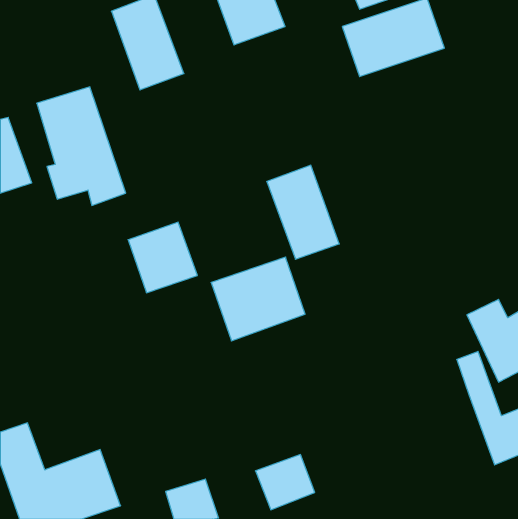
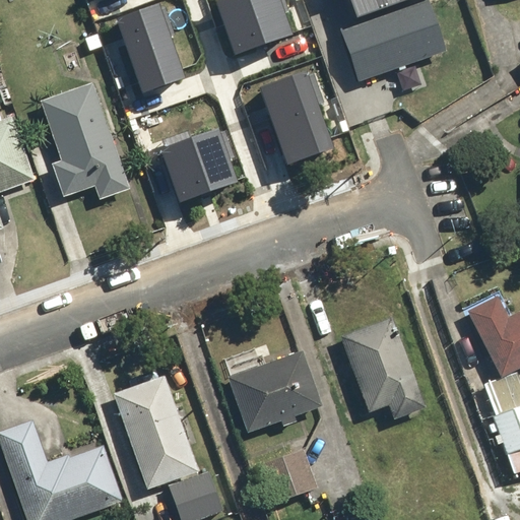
building: [267,165,339,259] -> [260,61,332,154]
building: [128,222,197,293] -> [166,121,235,191]
building: [211,257,305,341] -> [226,353,320,437]
building: none -> [336,317,426,424]
building: none -> [113,379,197,493]

